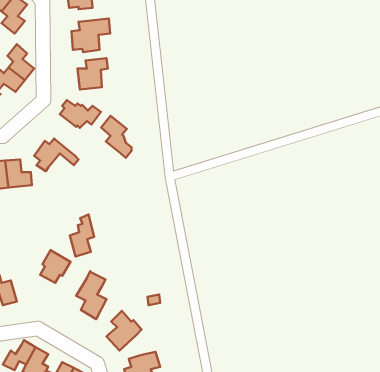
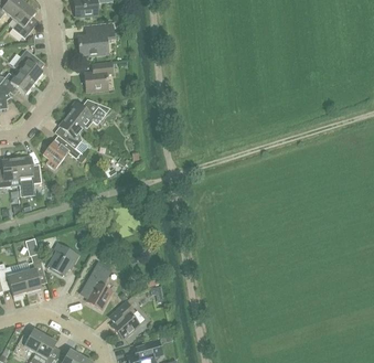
building: [101,116,132,158] -> [58,114,87,153]
building: [70,215,94,257] -> [21,252,44,291]

